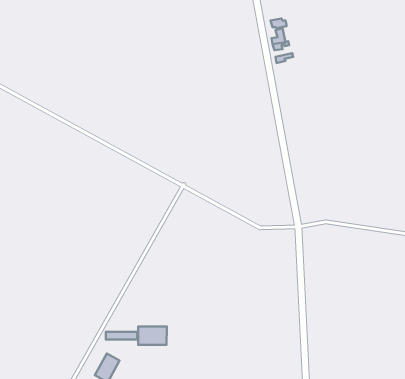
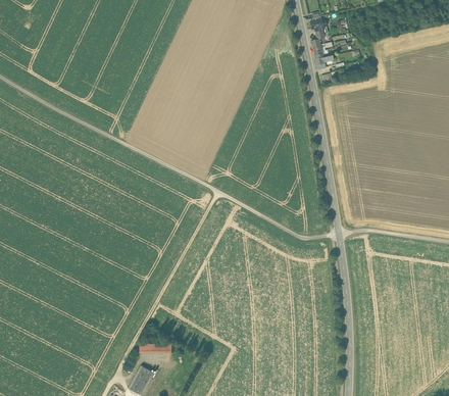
building: [138,326,167,345] -> none

